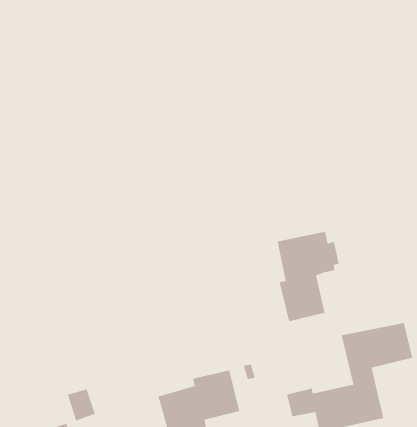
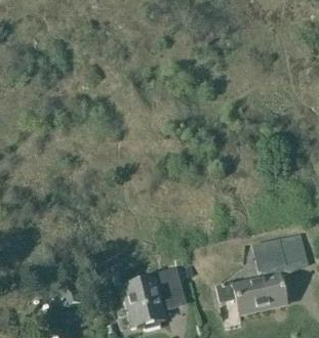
building: [276,226,340,322] -> none

